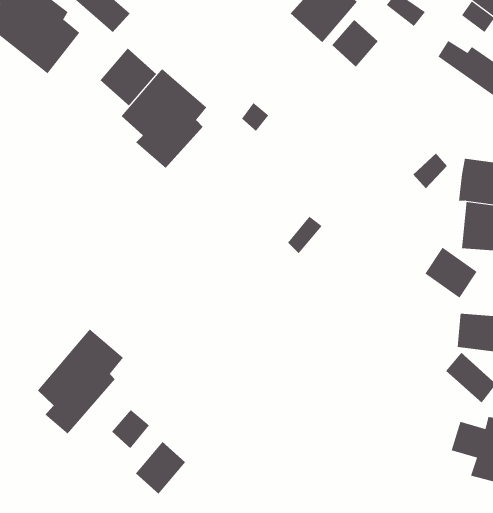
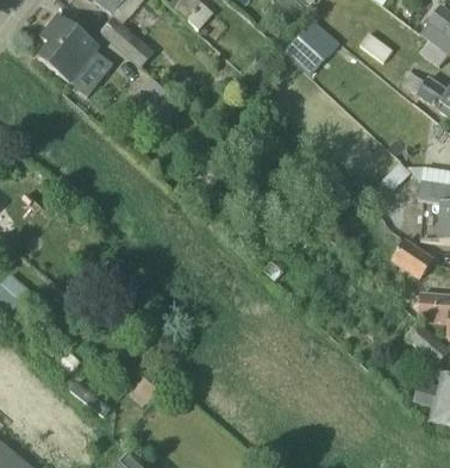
building: [331,19,379,67] -> none
building: [121,68,207,169] -> none
building: [37,328,124,435] -> none
building: [135,441,186,495] -> none

